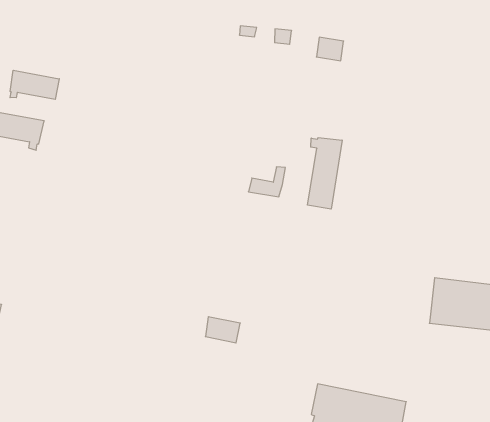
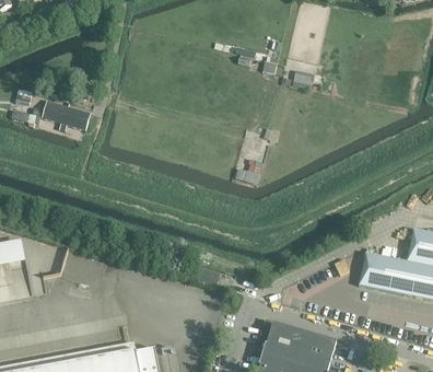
building: [10,70,59,99] -> none
building: [308,138,342,209] -> none

